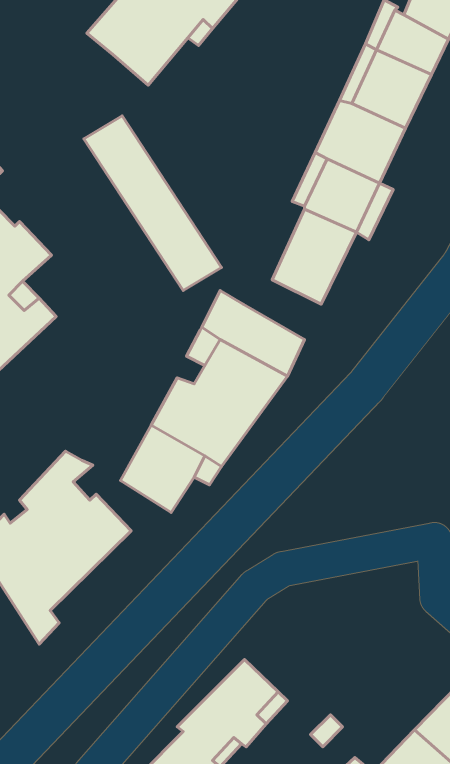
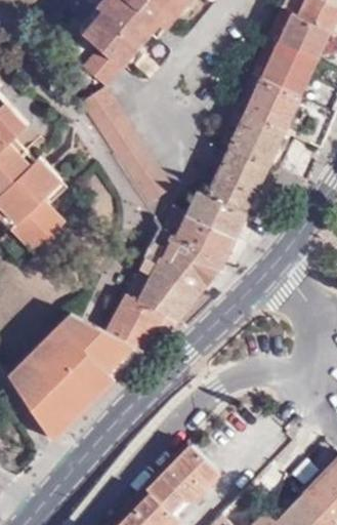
building: none -> [84,44,125,84]
building: none -> [188,189,241,235]
building: none -> [59,319,140,425]

